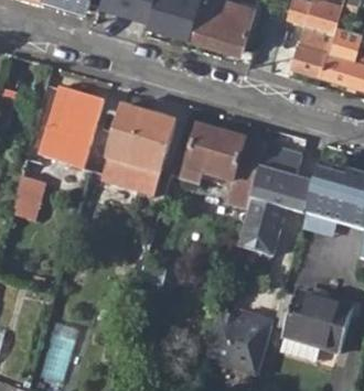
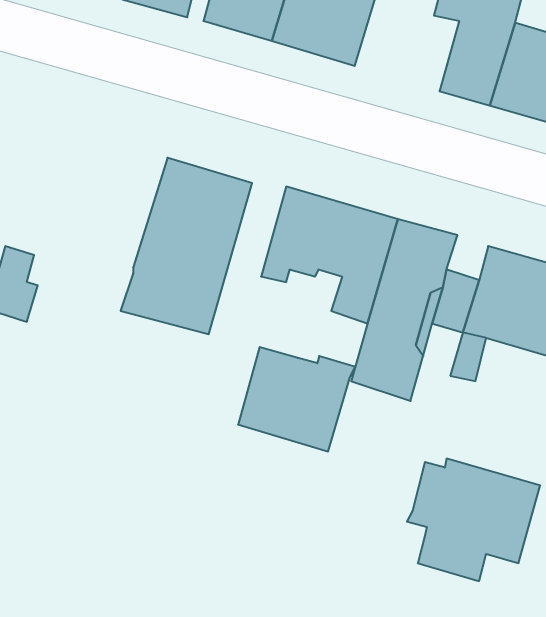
building: [40,87,101,169] -> none
building: [202,311,274,374] -> [238,347,355,452]

